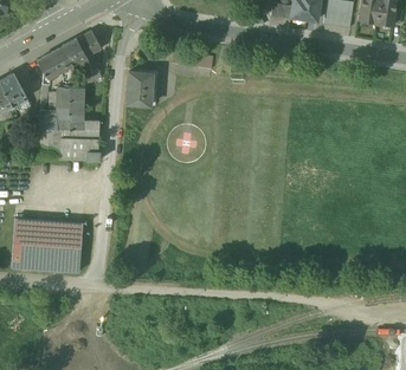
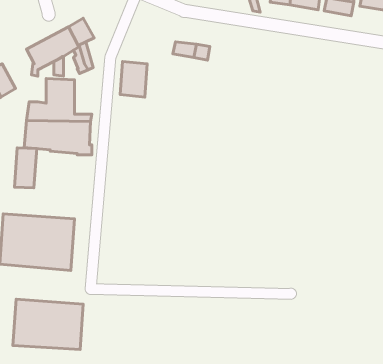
building: none -> [15,148,37,188]
building: none -> [13,299,83,349]

